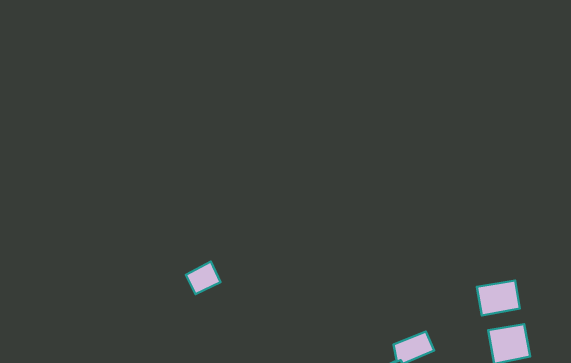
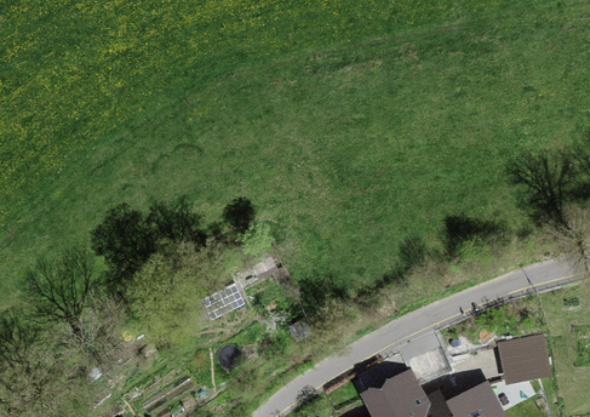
building: [477,281,520,316] -> none

